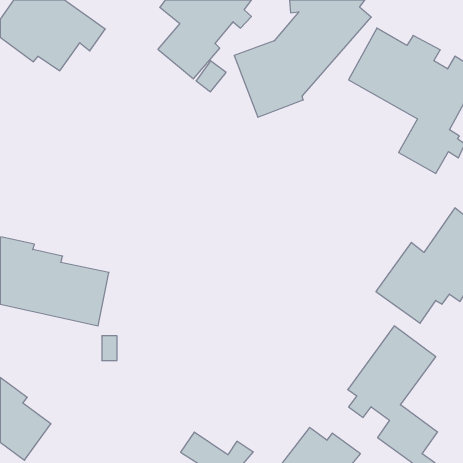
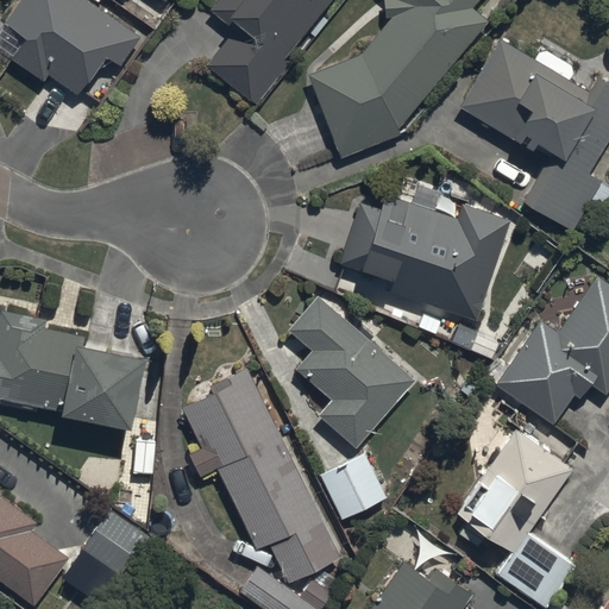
building: none -> [339,195,509,320]
building: none -> [289,296,414,445]
building: none -> [182,369,340,582]
building: none -> [319,453,388,521]
building: none -> [81,510,147,577]

